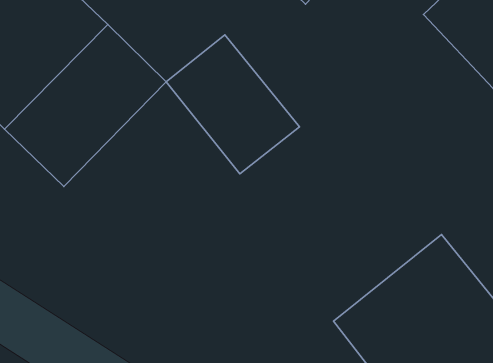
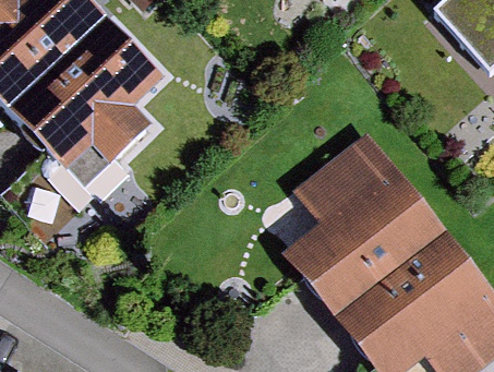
building: [166,35,300,174] -> none
building: none -> [292,142,441,314]

